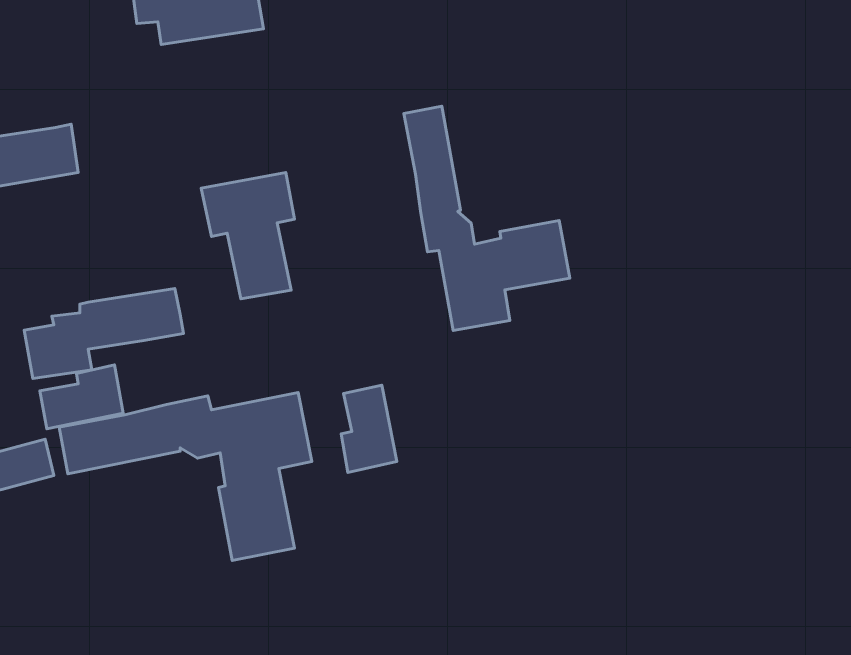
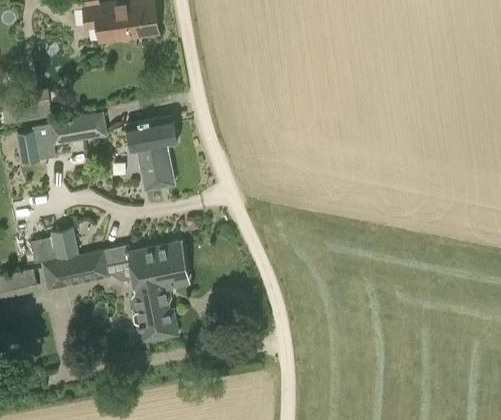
building: [404,106,570,330] -> none
building: [24,288,184,379] -> [16,111,108,163]
building: [341,385,397,472] -> none

